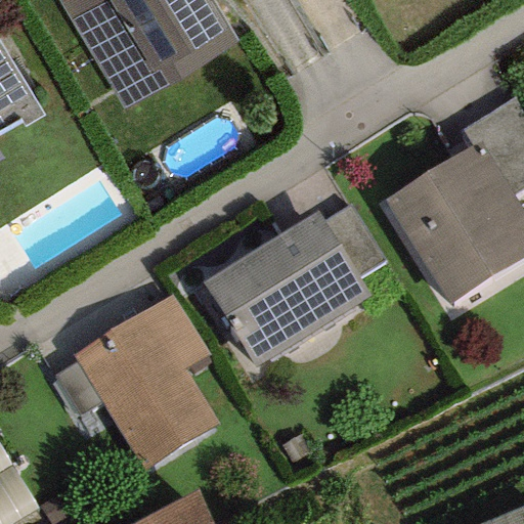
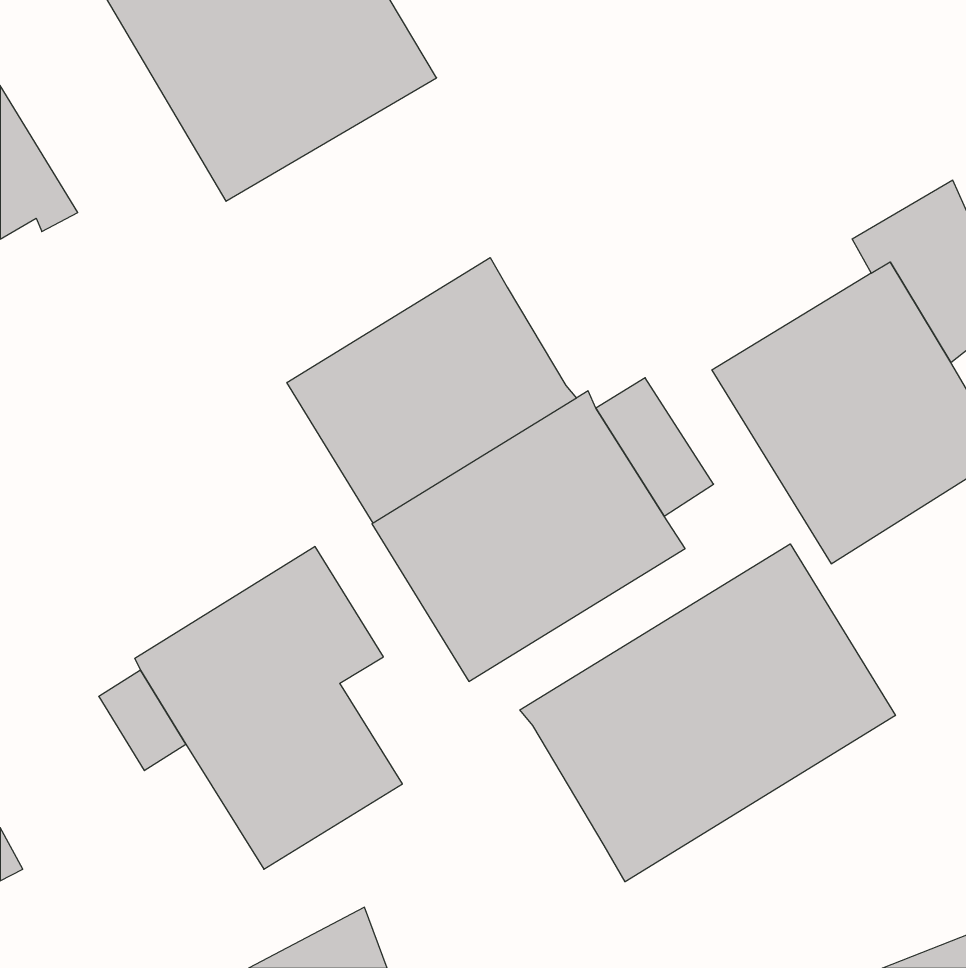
building: none -> [287,258,576,523]
building: none -> [520,544,895,882]

